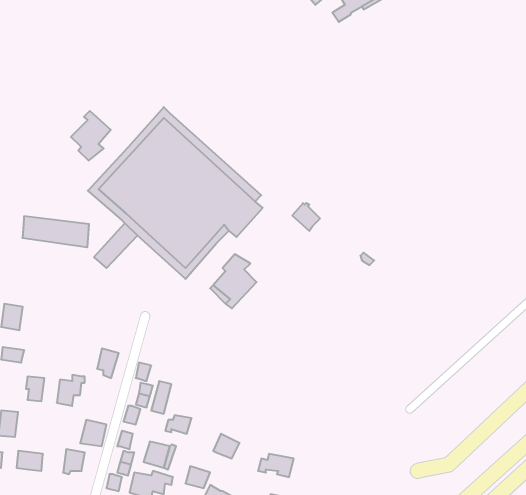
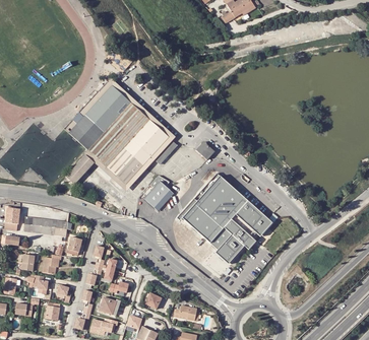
building: [71,111,111,161] -> none
building: [22,216,89,247] -> [23,216,67,236]
building: none -> [178,173,271,263]

